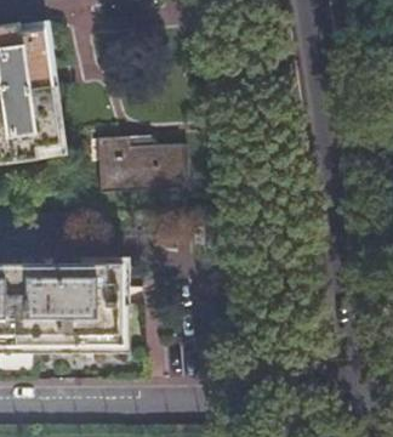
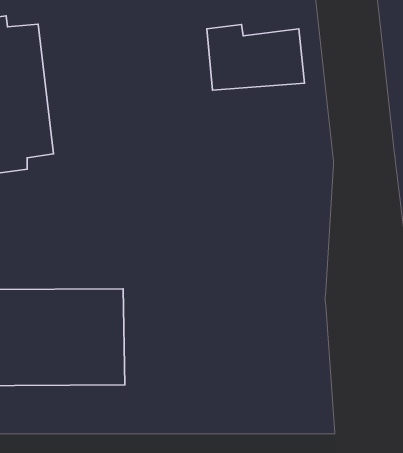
building: [97,132,182,189] -> [207,25,304,90]

